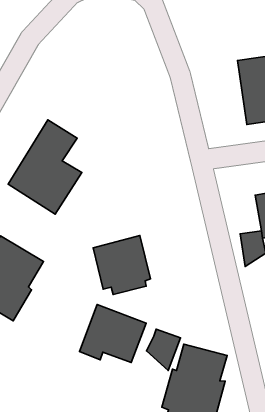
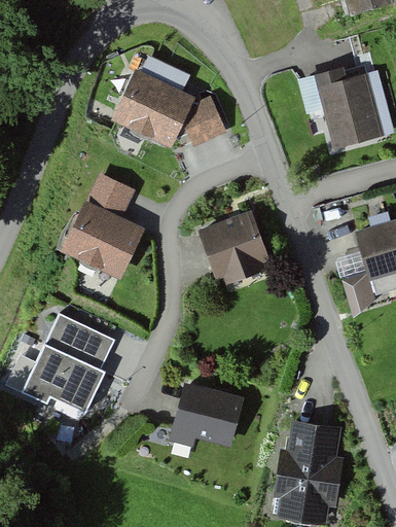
building: none -> [111,56,226,150]
building: [93,236,151,295] -> [197,210,269,283]
building: [147,329,180,370] -> none

